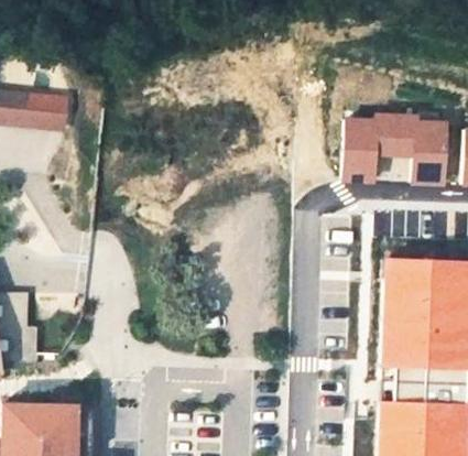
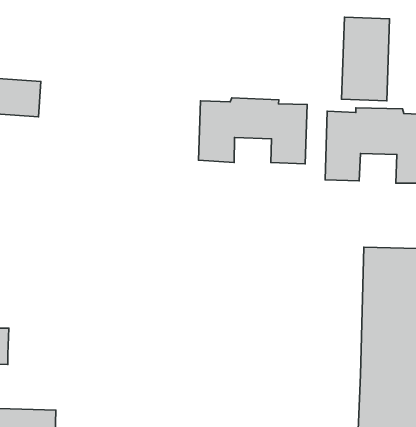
building: none -> [342,17,390,101]
building: none -> [198,98,307,164]

